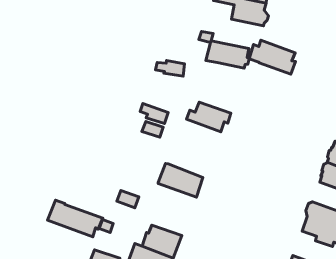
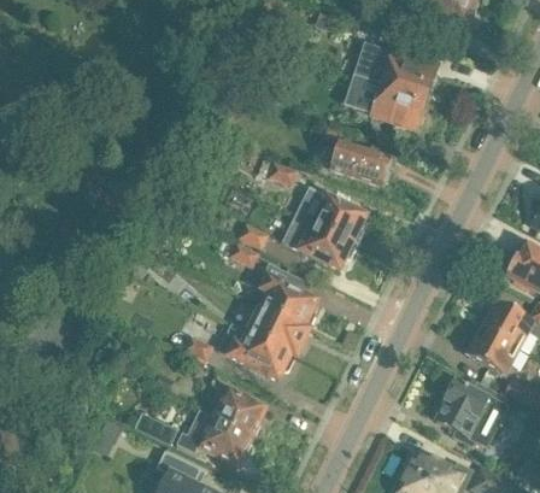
building: [249,40,295,74] -> [300,193,365,245]
building: none -> [260,276,317,329]
building: [48,200,103,237] -> [217,323,294,380]

